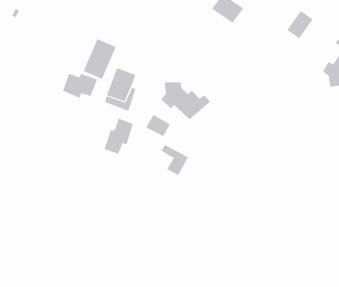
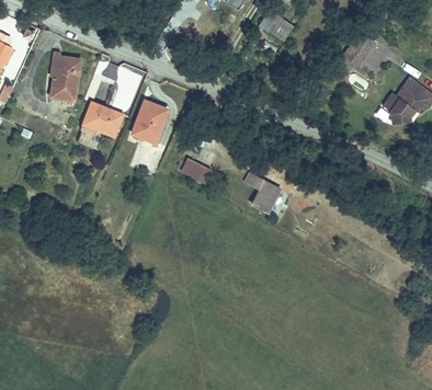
building: none -> [52,50,82,101]
building: [160,82,211,120] -> none
building: [104,118,134,155] -> none
building: [161,144,189,176] -> [246,173,278,210]

